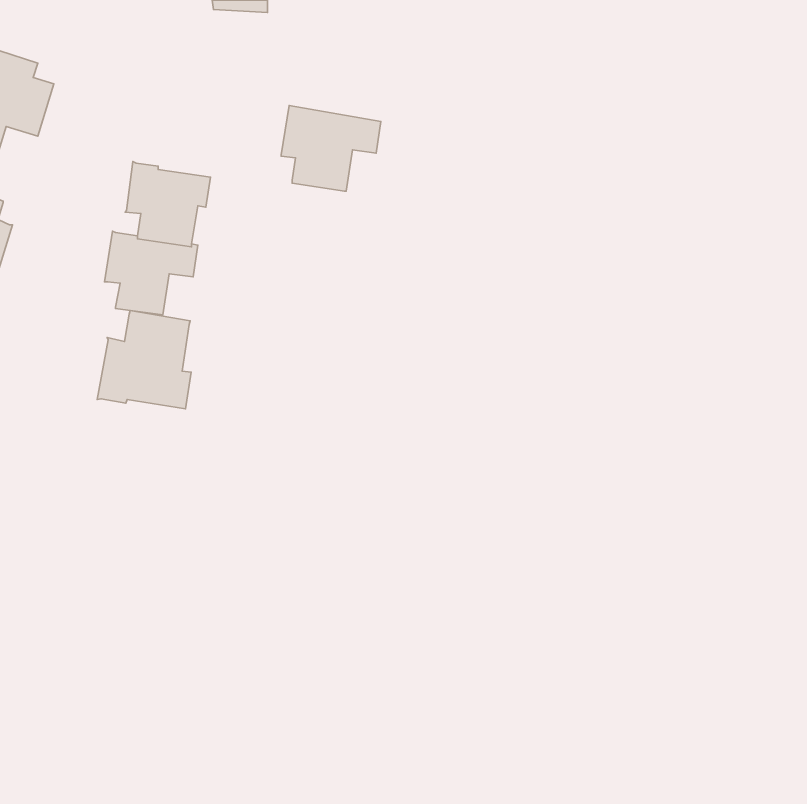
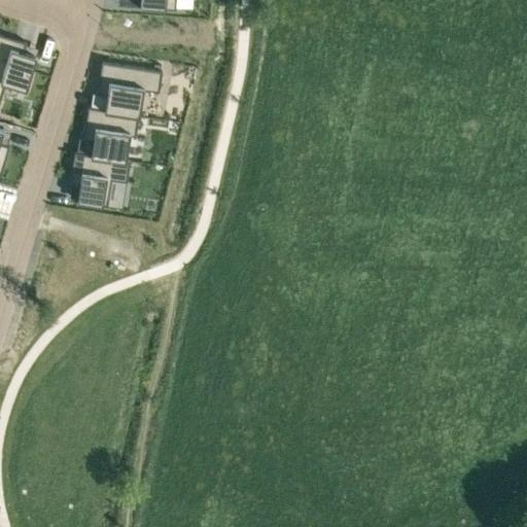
building: [281,106,381,191] -> [96,63,161,118]
building: [97,311,191,409] -> none

